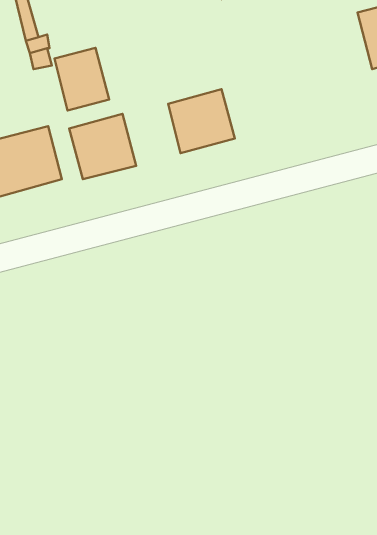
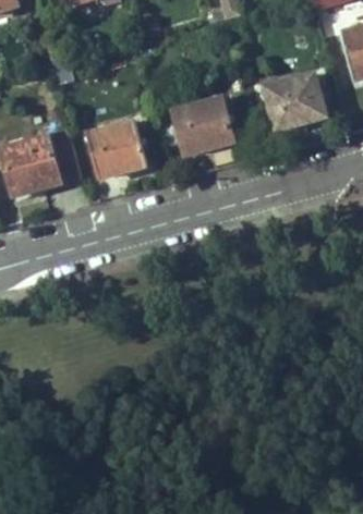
building: [54,48,109,111] -> none
building: none -> [264,73,324,130]

